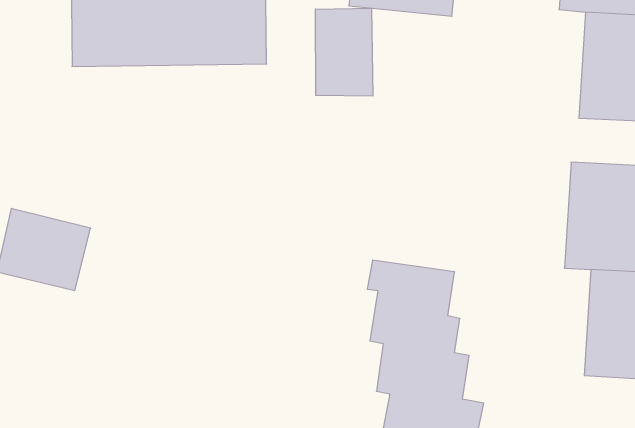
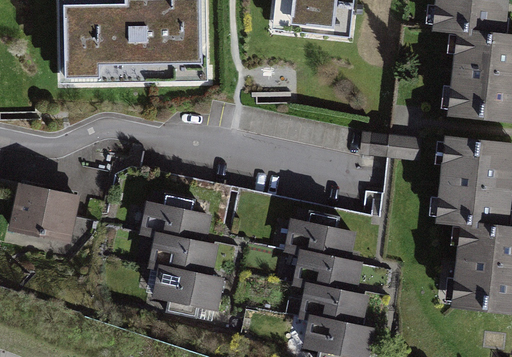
building: [315,8,373,96] -> none
building: none -> [136,201,221,312]

